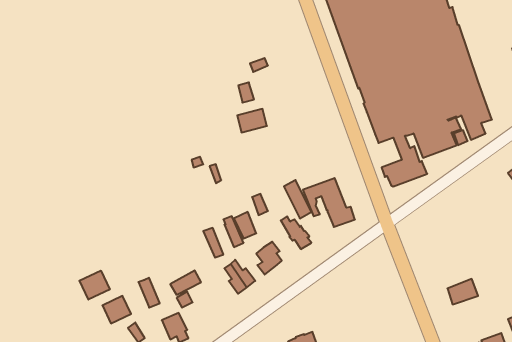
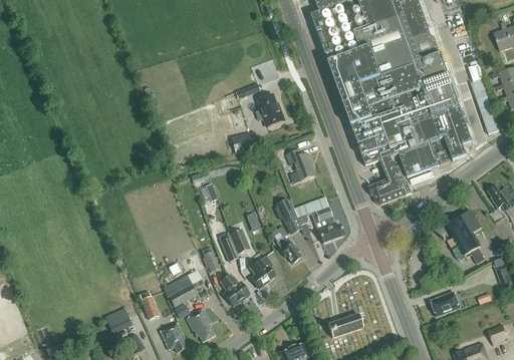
building: none -> [258,93,284,125]
building: none -> [286,148,314,179]
building: none -> [444,209,486,263]
building: [79,271,110,300] -> none
building: none -> [186,308,215,342]
building: none -> [328,313,363,337]

